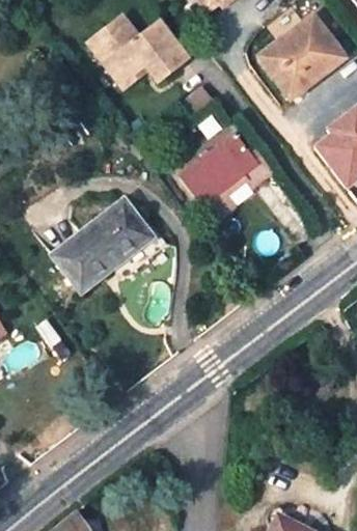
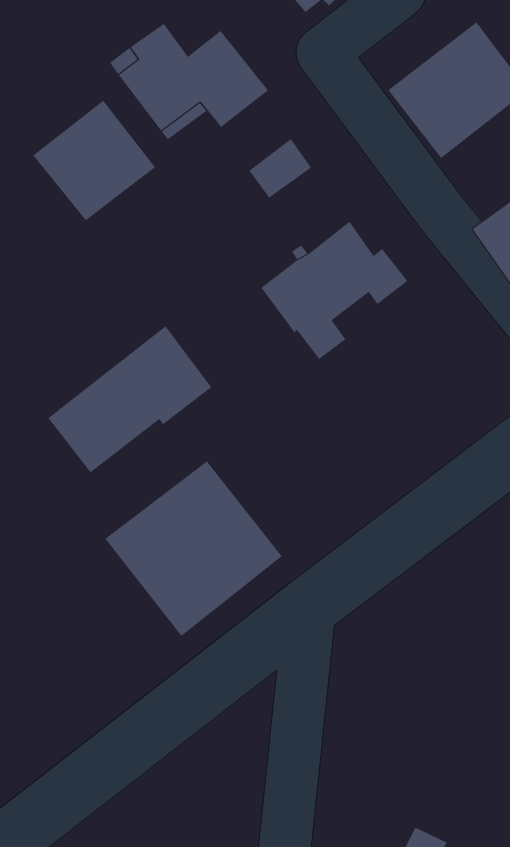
building: none -> [33,100,156,221]
building: none -> [104,460,282,637]

